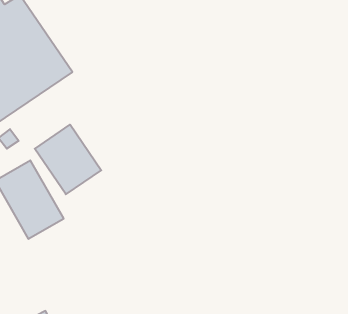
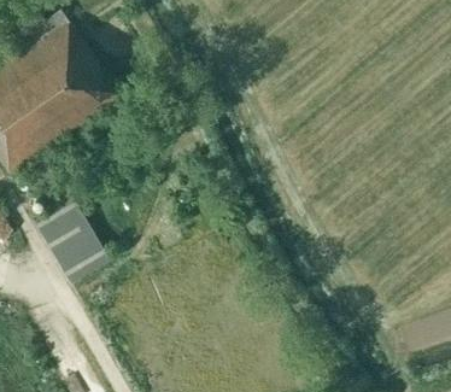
building: [35,125,101,194] -> none

